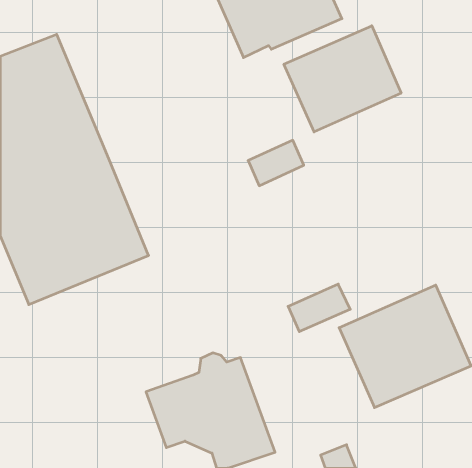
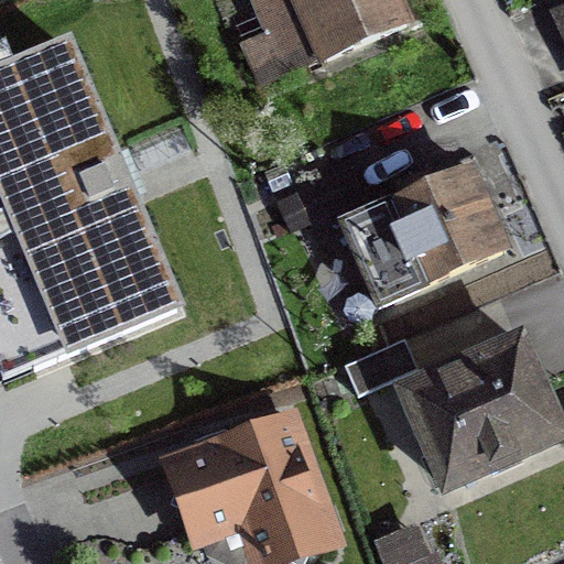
building: [284,26,401,132] -> none
building: none -> [343,166,506,305]

